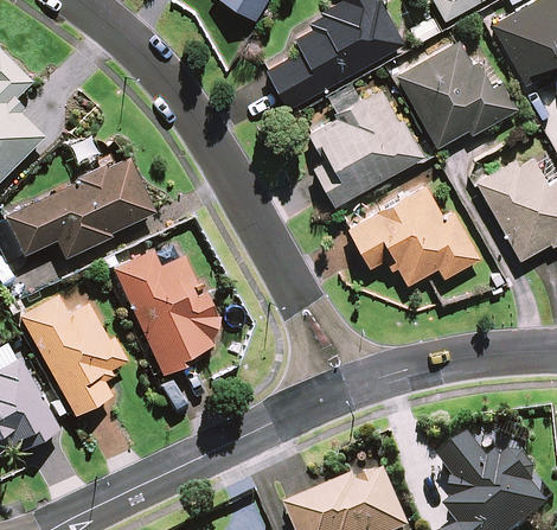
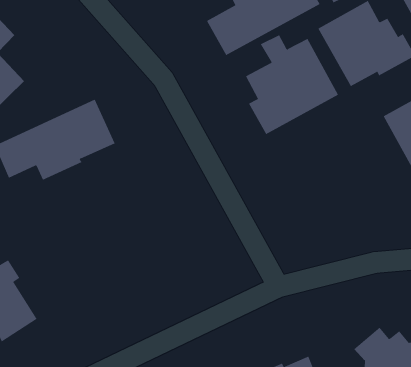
building: [347,184,479,283] -> none
building: [111,251,217,376] -> none
building: [19,298,123,416] -> none

